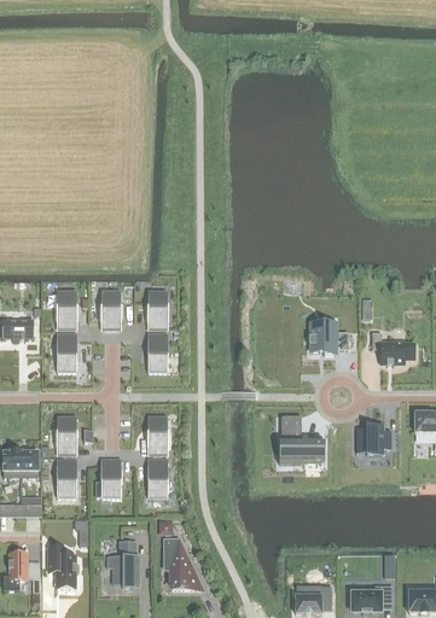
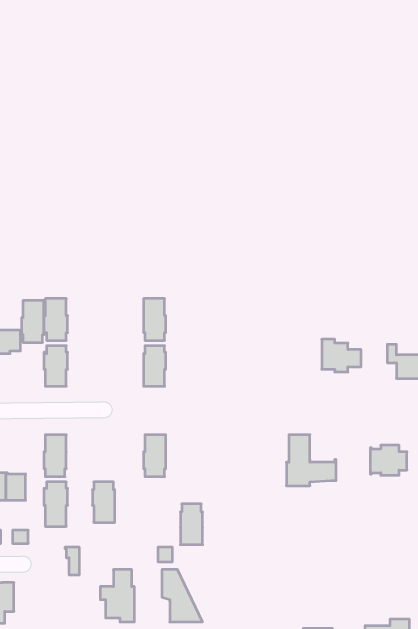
building: [100,290,121,328] -> [22,301,44,342]
building: [147,459,168,496] -> [180,504,203,545]
building: [48,546,79,582] -> none

